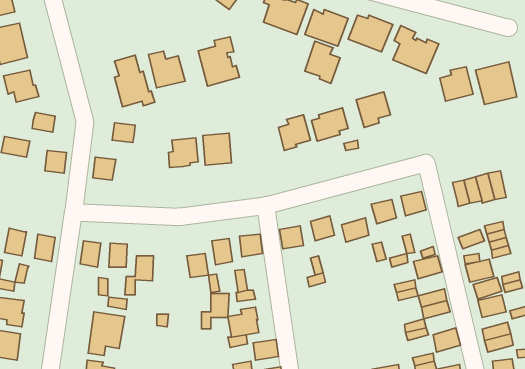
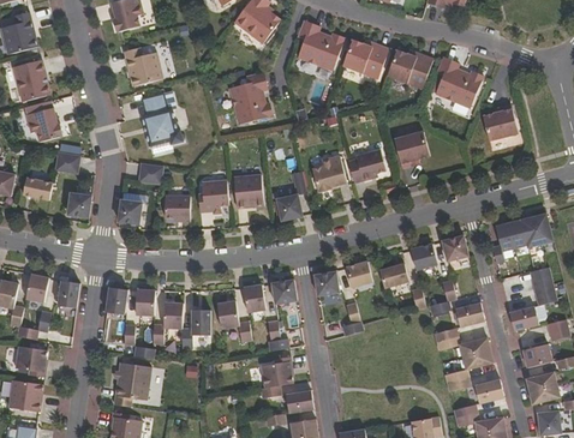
building: [305,41,340,84] -> none
building: [149,51,185,88] -> [124,47,162,85]
building: [475,62,517,104] -> none
building: none -> [275,163,305,220]
building: none -> [165,196,189,221]
building: [202,293,229,329] -> [180,310,209,347]

